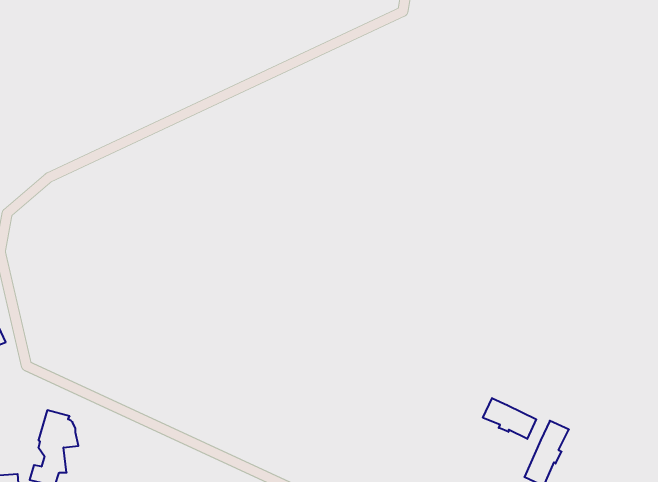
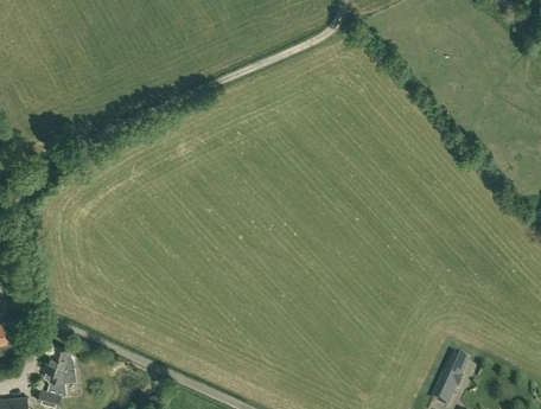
building: [483,398,536,439] -> none

